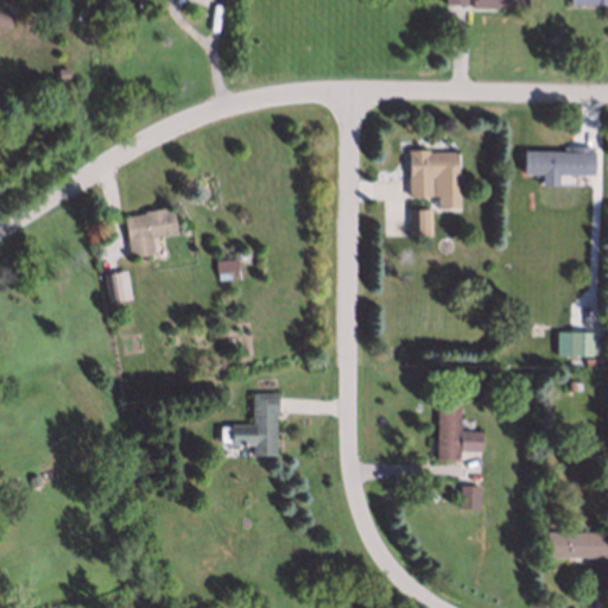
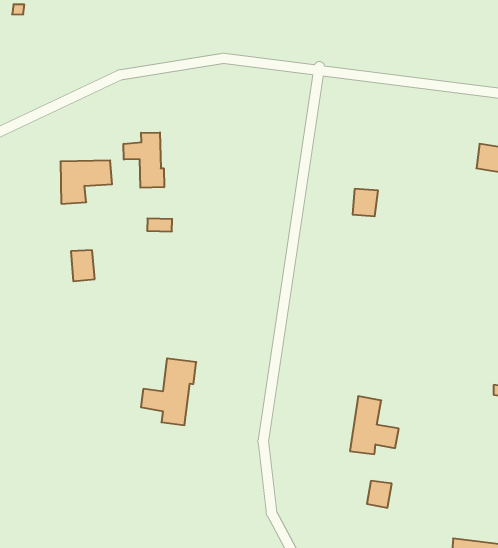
building: [411,152,466,205] -> none
building: none -> [124,132,164,188]
building: [108,272,134,304] -> [71,250,95,281]

